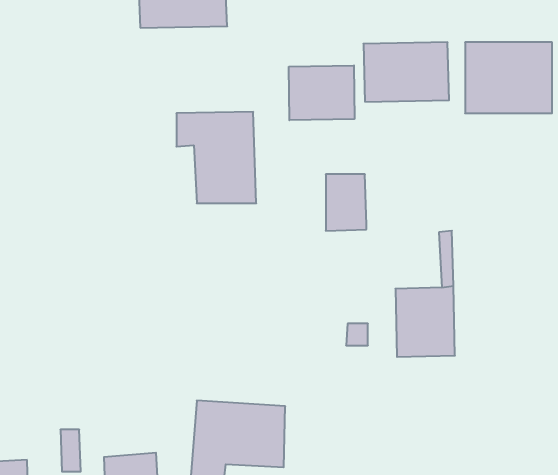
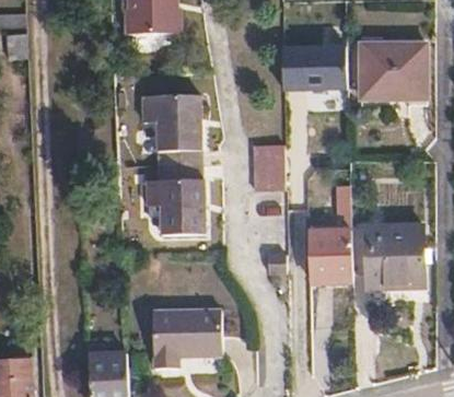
building: [289,65,354,120] -> none
building: none -> [143,165,205,232]
building: none -> [370,223,424,281]

